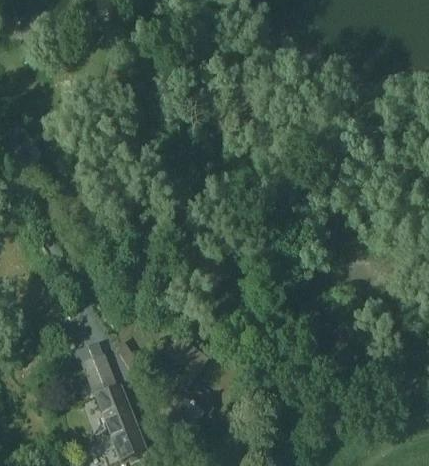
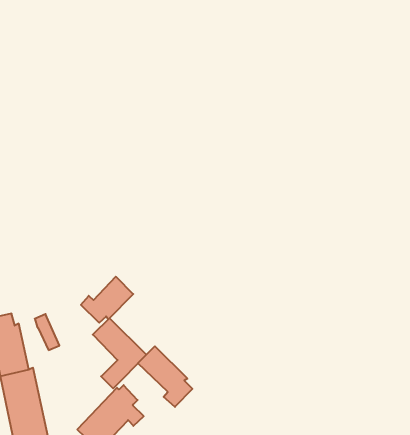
building: none -> [81,277,133,323]
building: none -> [138,346,192,407]

